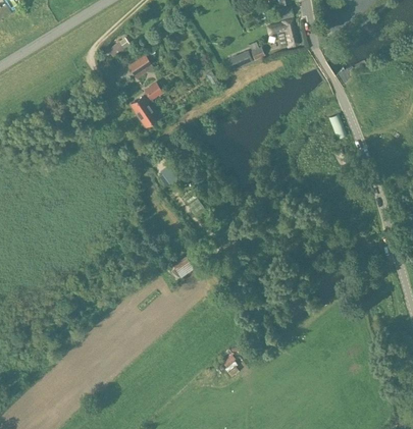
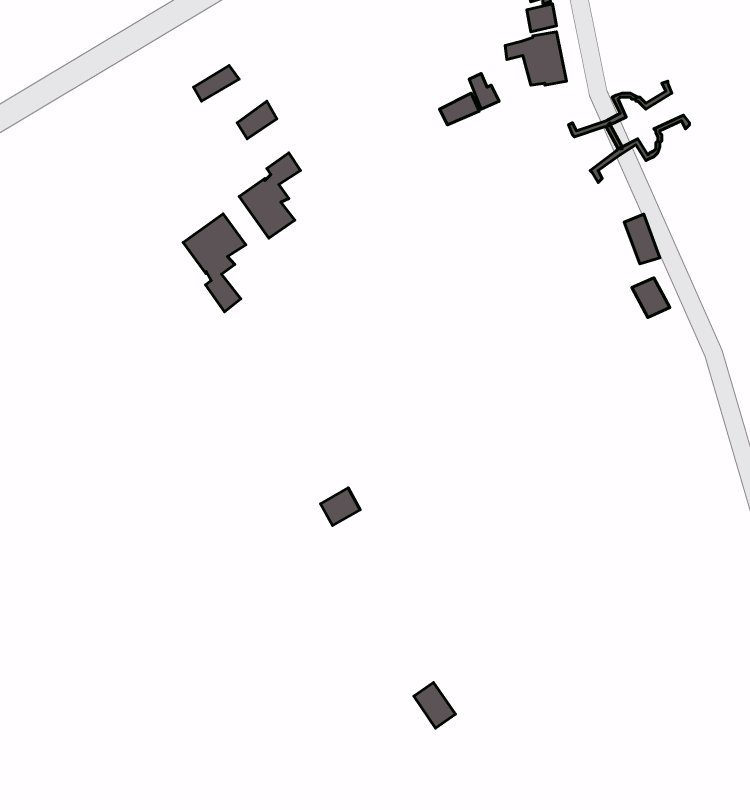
building: none -> [183,214,246,312]

